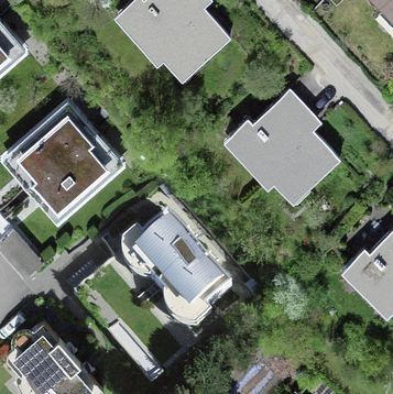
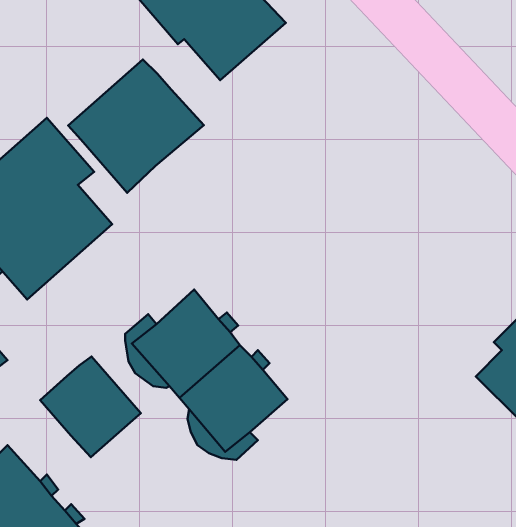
building: none -> [68,59,204,193]
building: [240,88,340,197] -> none
building: none -> [40,356,141,457]

